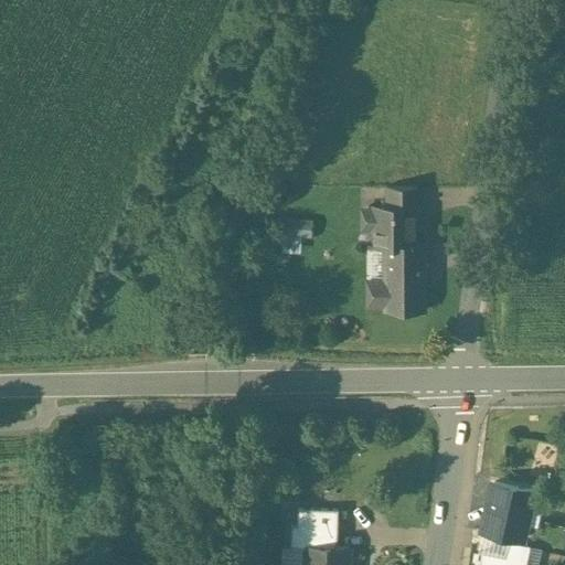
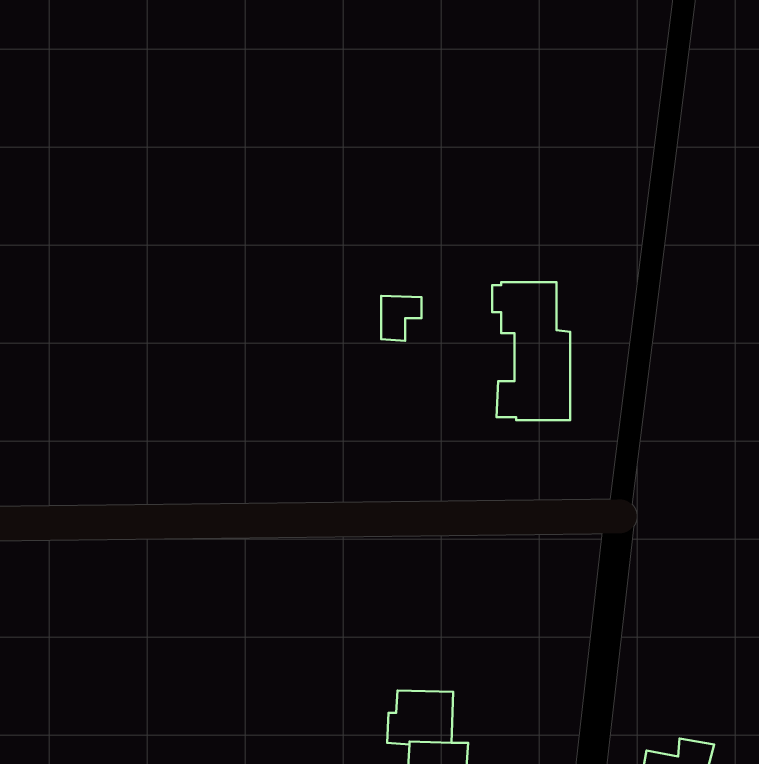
building: [381,189,413,212] -> none
building: [484,488,530,543] -> none

